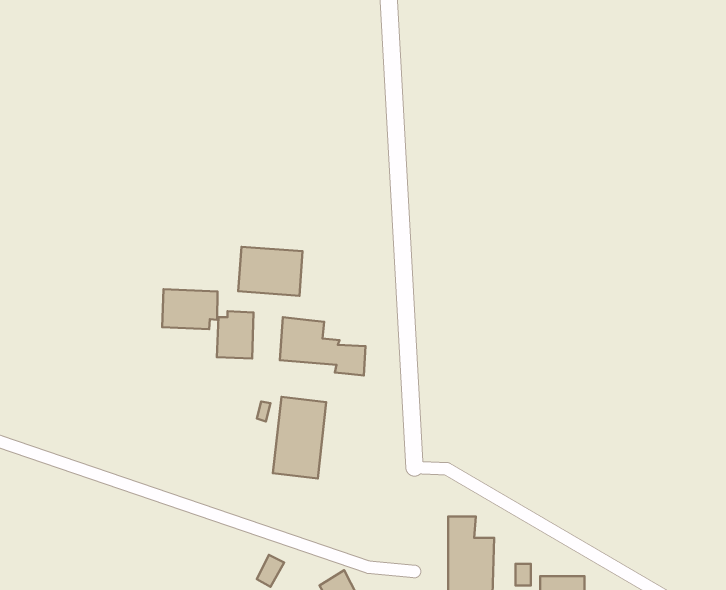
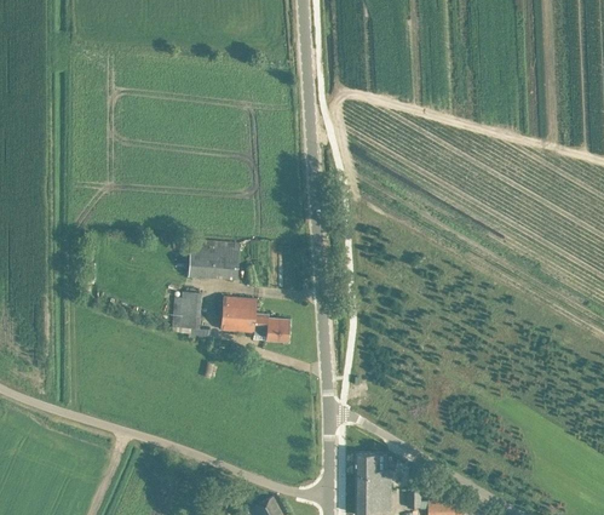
building: [162,289,218,329] -> none
building: [273,397,326,478] -> none

